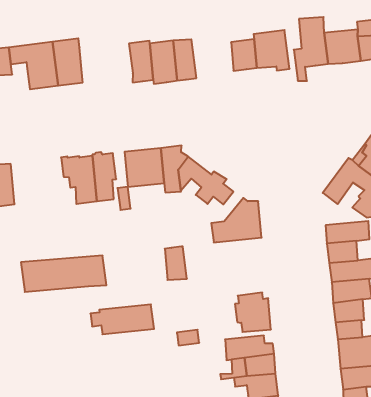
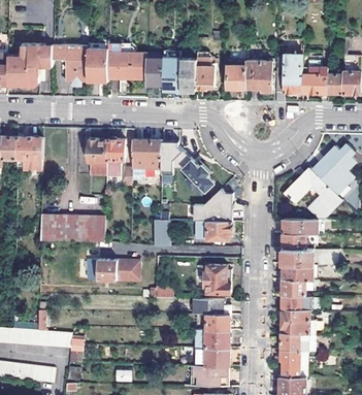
building: none -> [197,59,216,91]
building: none -> [107,54,147,79]
building: none -> [195,221,232,239]

